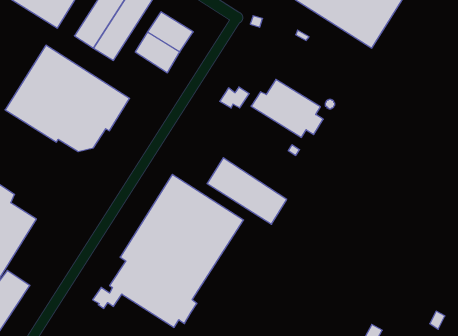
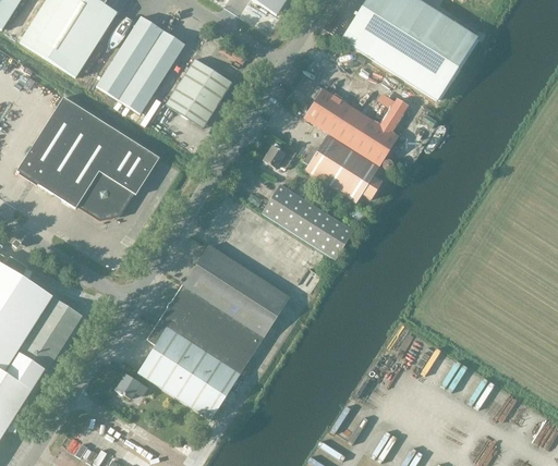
building: none -> [303,88,408,165]
building: [207,158,287,224] -> [262,183,353,259]
building: none -> [17,298,81,371]

